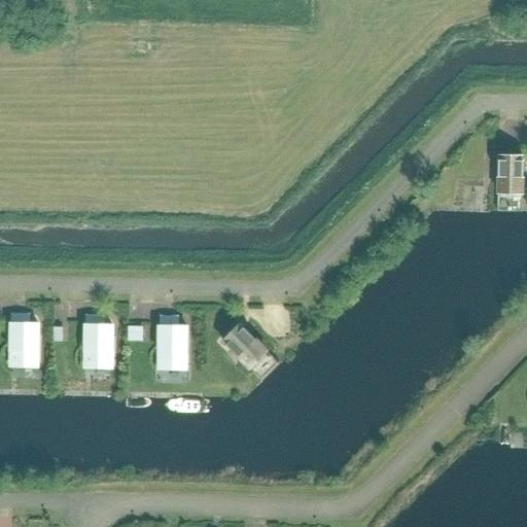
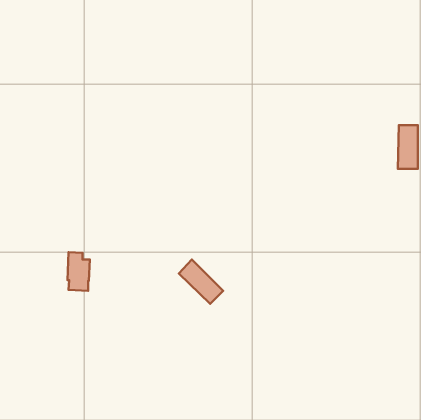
building: [10,314,38,362] -> none
building: [159,317,186,364] -> none

